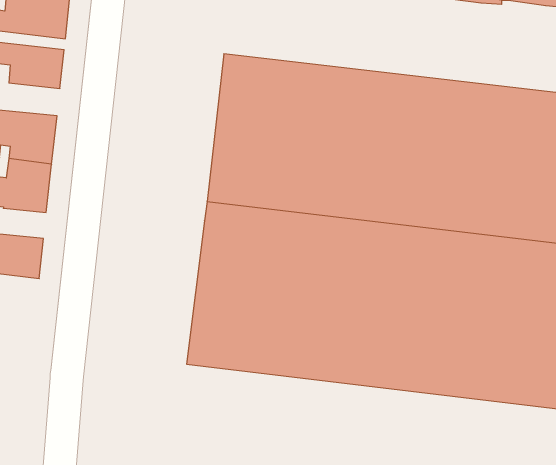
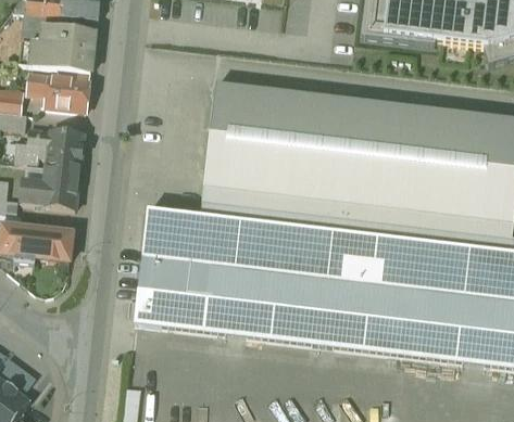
building: none -> [134,208,200,328]

